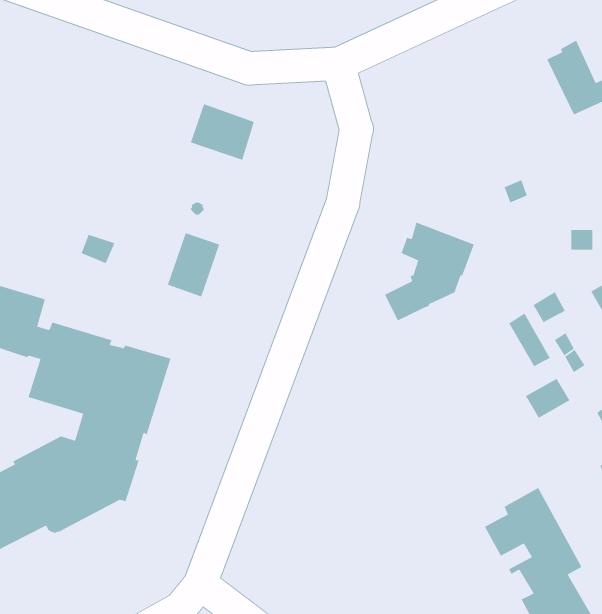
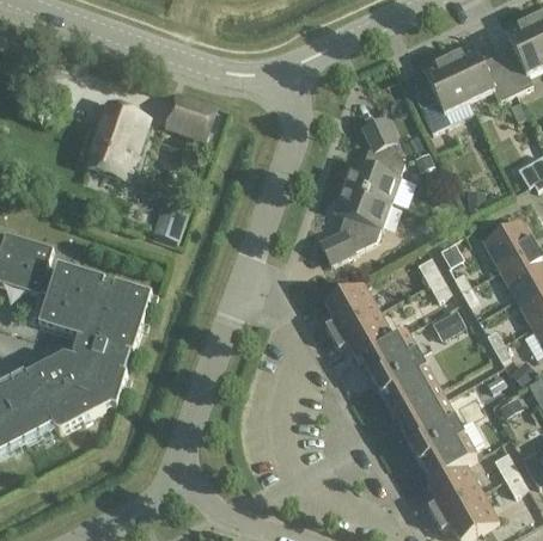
building: none -> [414,57,469,133]
building: none -> [86,102,150,177]
building: none -> [344,116,404,203]
building: none -> [324,281,441,416]

